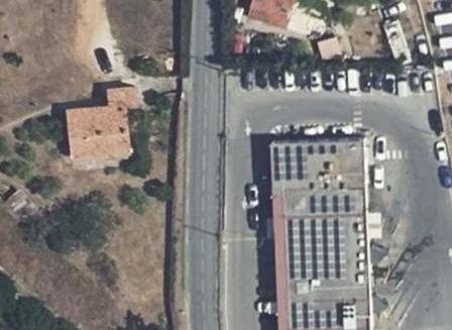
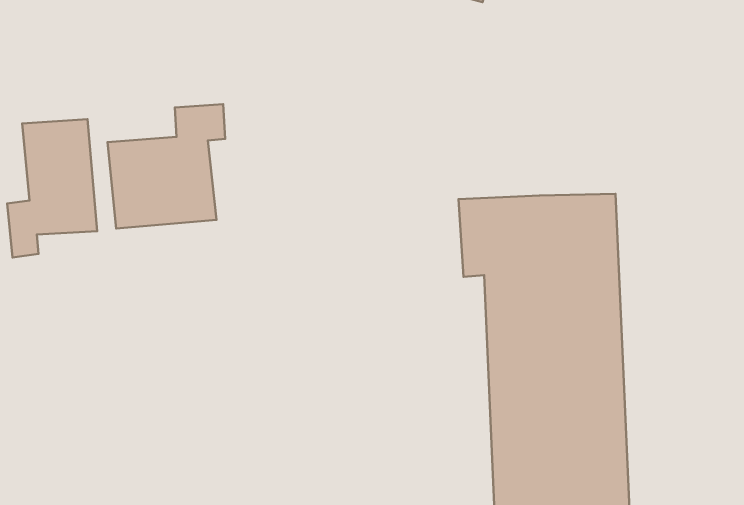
building: none -> [7,119,97,257]

